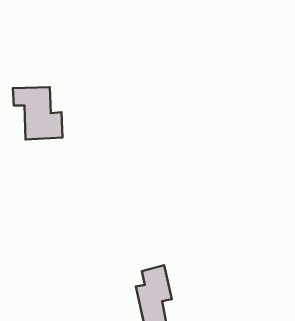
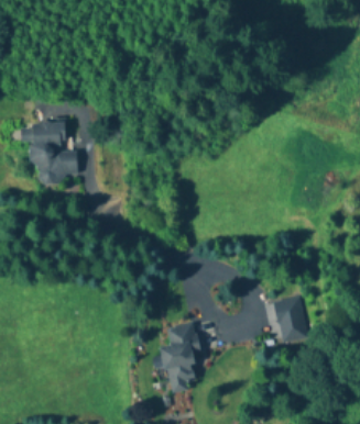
building: none -> [265,298,306,343]

